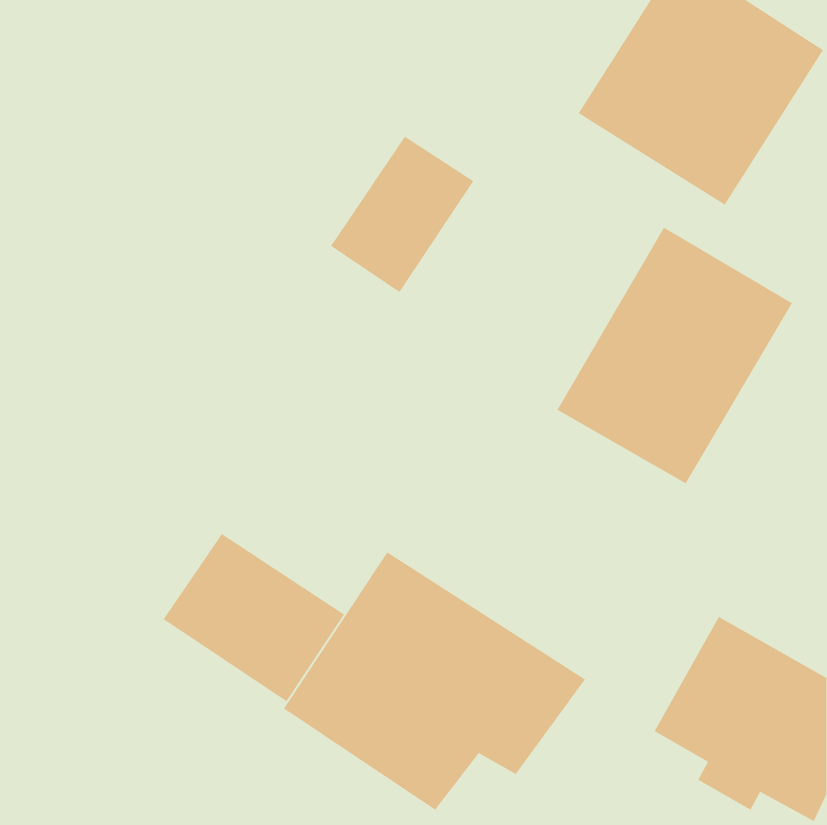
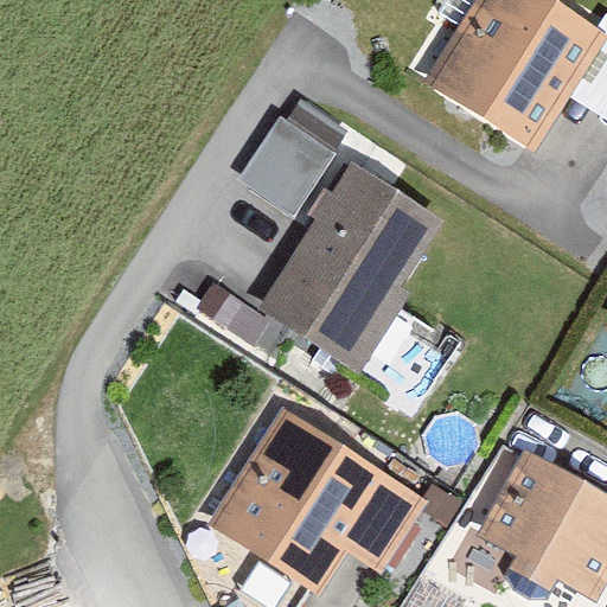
building: [557,227,793,484] -> [268,171,441,359]
building: [163,533,345,702] -> none

